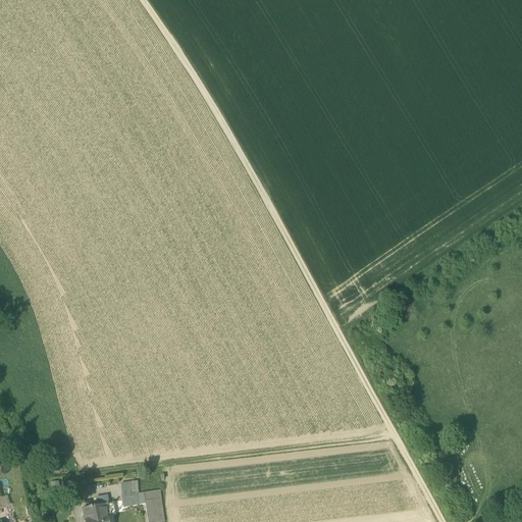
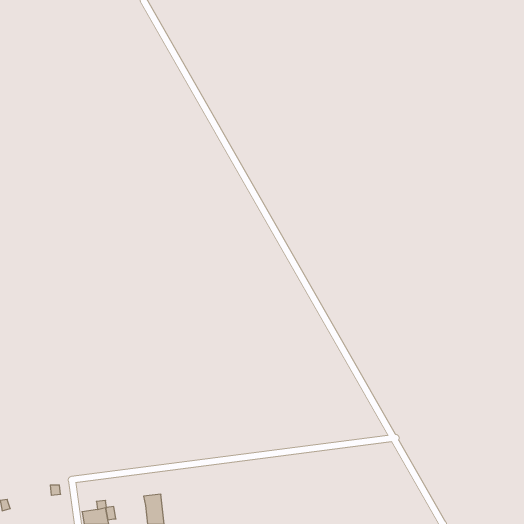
building: [120,482,145,507] -> none

